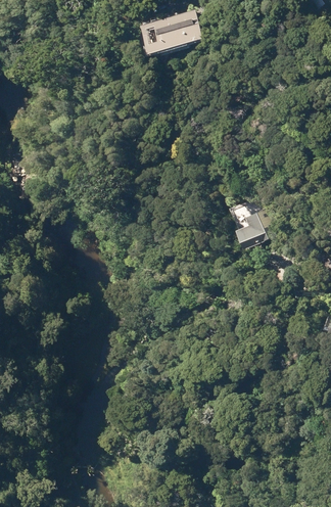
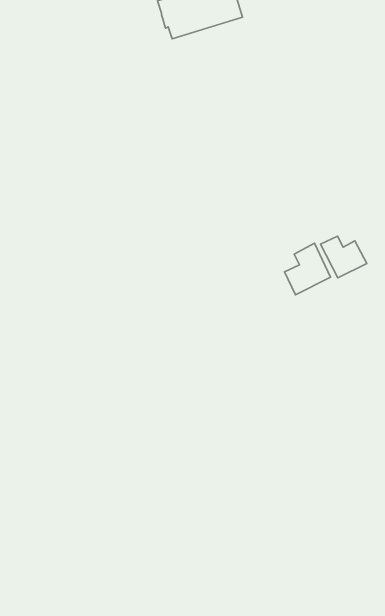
building: none -> [320,236,367,278]

